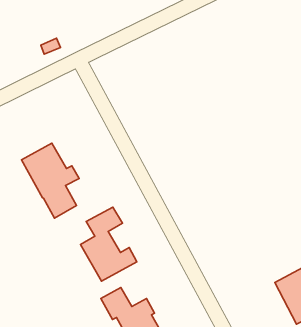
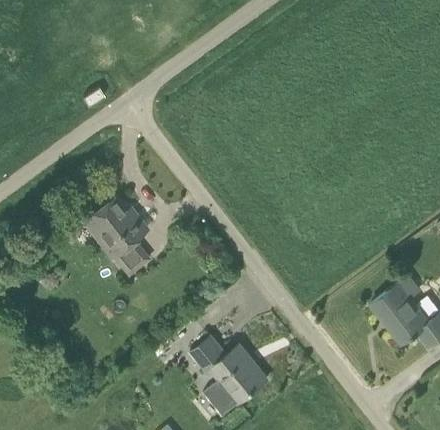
building: [81,207,137,281] -> none

